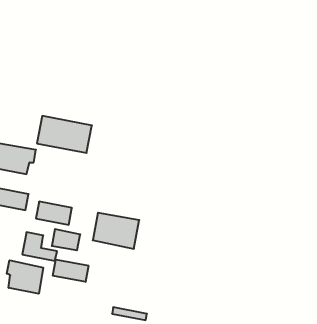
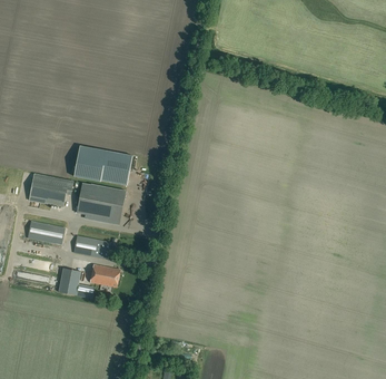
building: [93,213,139,249] -> [76,182,125,220]
building: [53,259,88,282] -> none
building: [7,260,43,294] -> none

